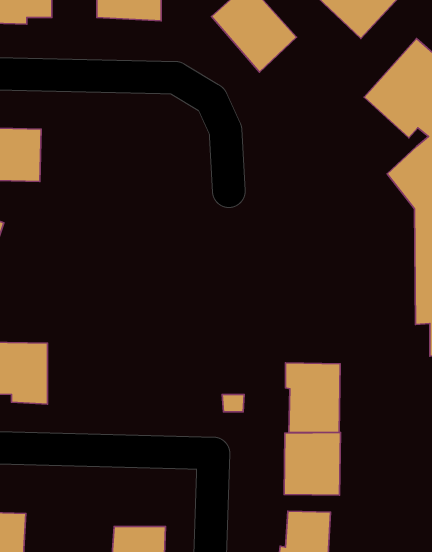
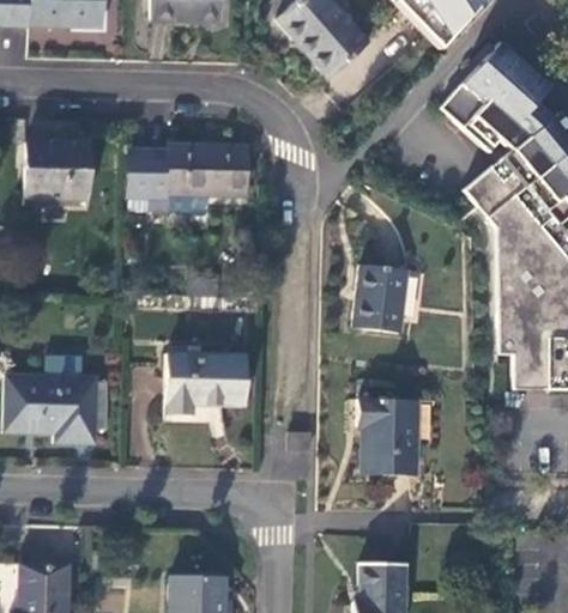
building: none -> [131,144,247,213]
building: none -> [352,263,409,334]
building: none -> [167,353,244,415]
building: [284,433,340,495] -> none

